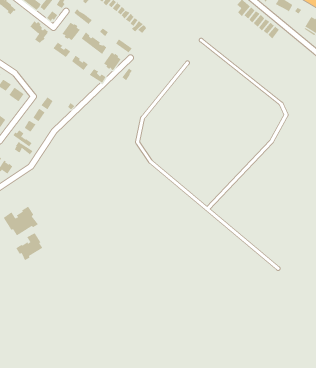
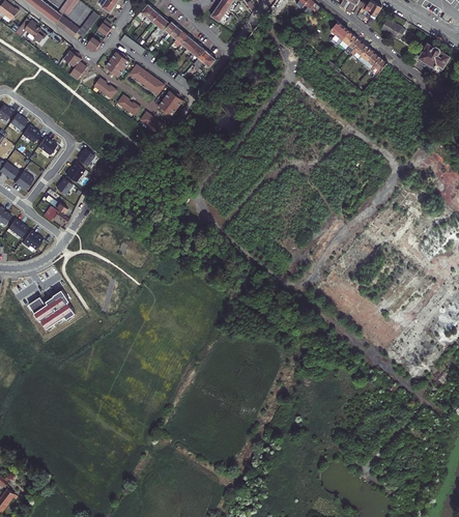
building: [15,232,43,261] -> none

